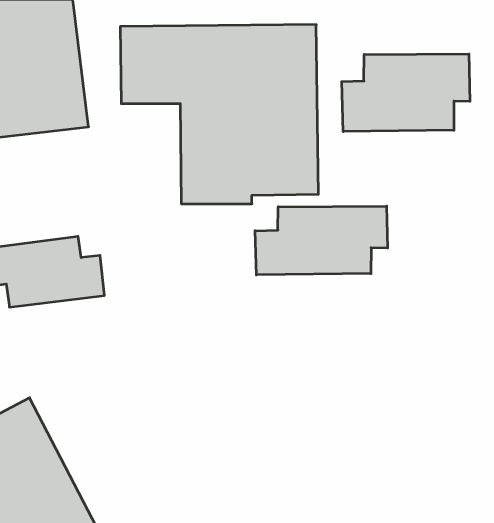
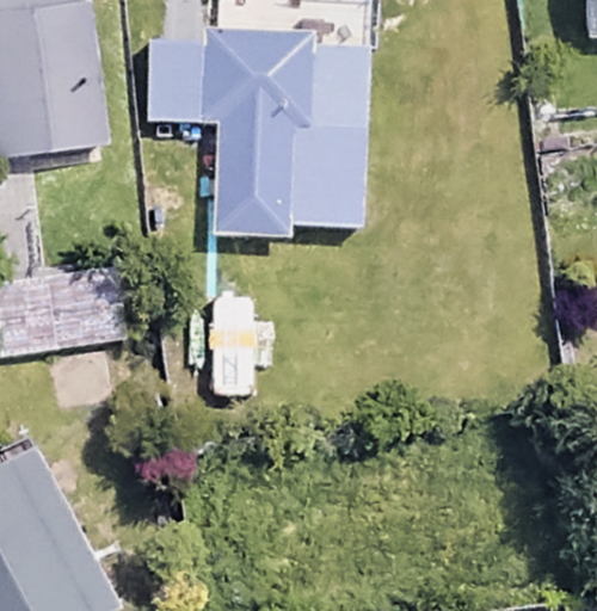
building: [342,54,470,132] -> none
building: [255,206,388,275] -> none

